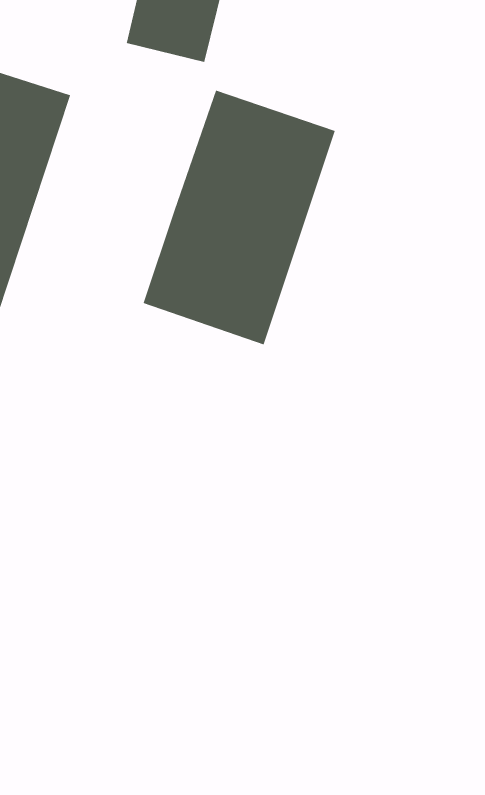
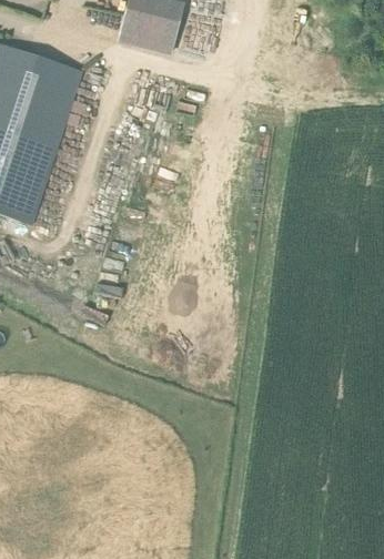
building: [143,89,336,345] -> none

